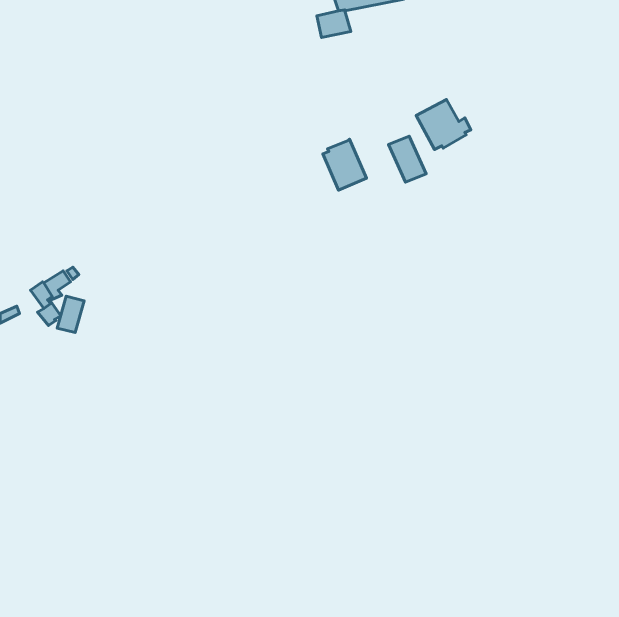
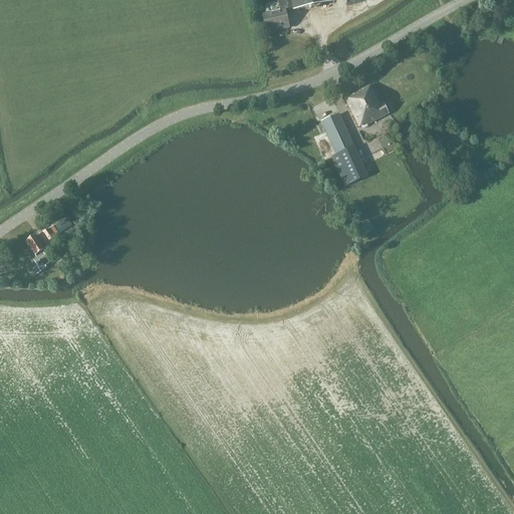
building: [323,139,366,190] -> [332,143,368,185]
building: [57,296,84,333] -> none

